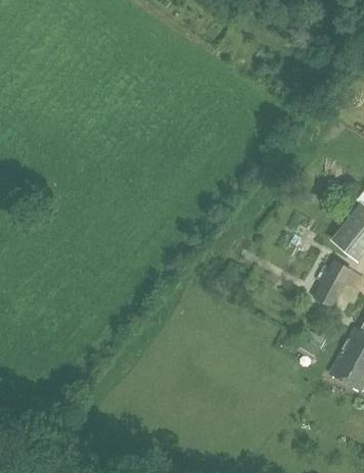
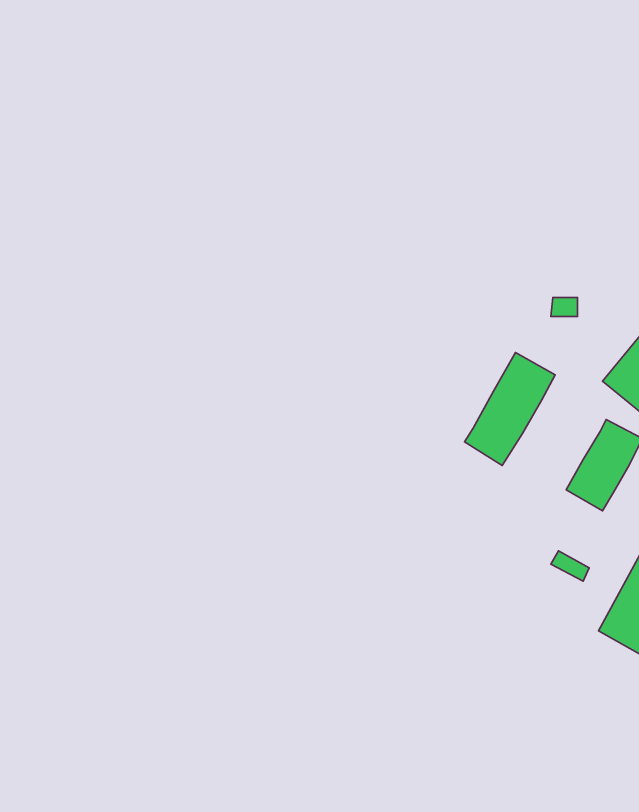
building: none -> [464,353,555,465]

